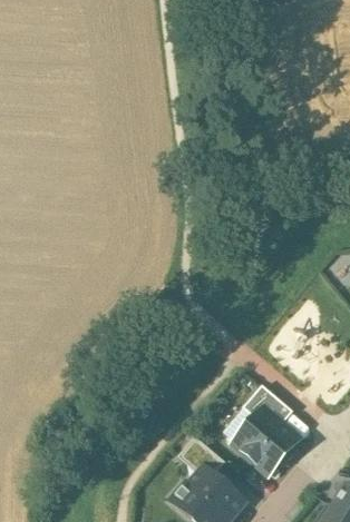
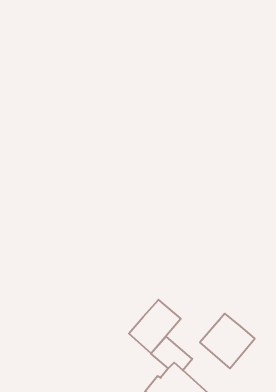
building: [242,387,291,426] -> none
building: none -> [129,300,181,354]

